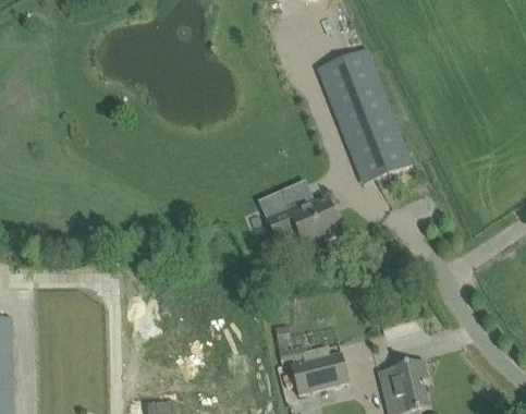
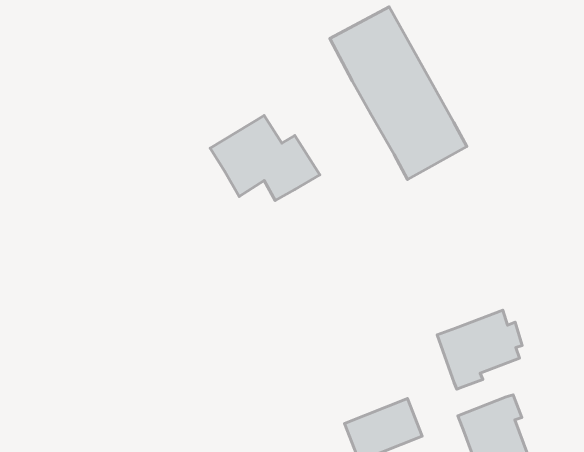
building: [259,180,341,246] -> [210,116,320,200]
building: none -> [437,310,522,389]

